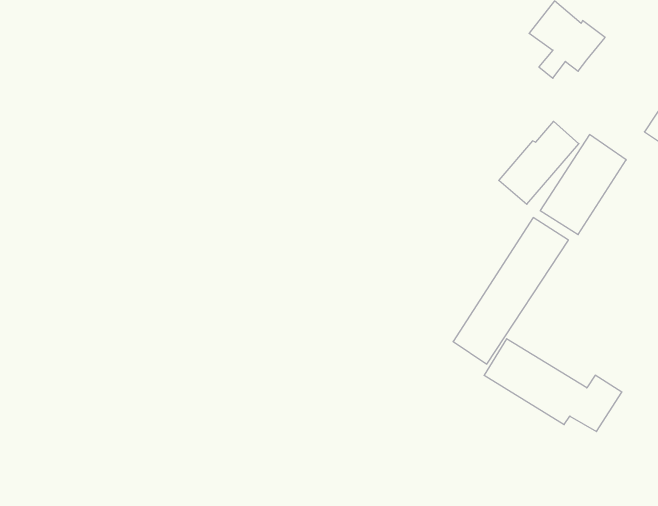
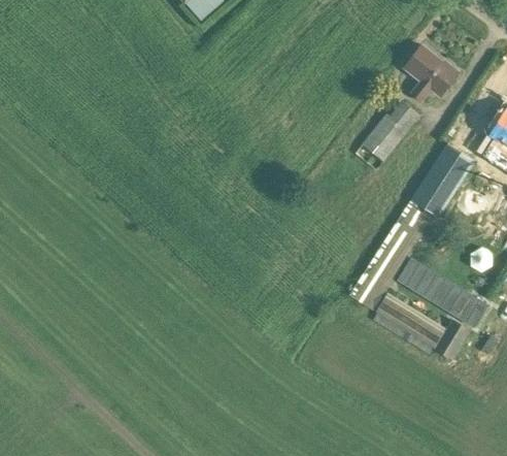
building: [499,121,579,204] -> [362,100,420,161]
building: none -> [397,258,487,326]

